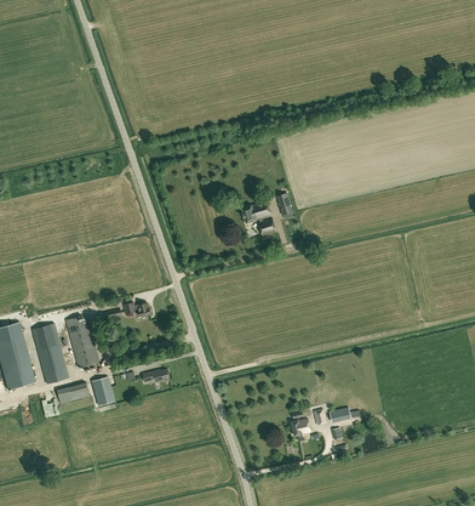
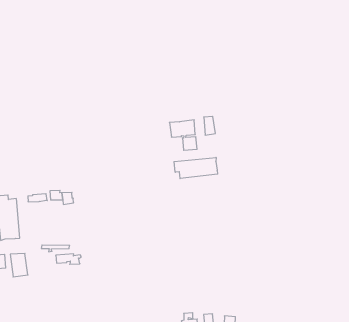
building: none -> [174,157,218,179]

